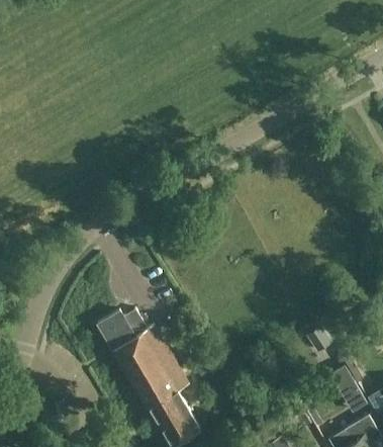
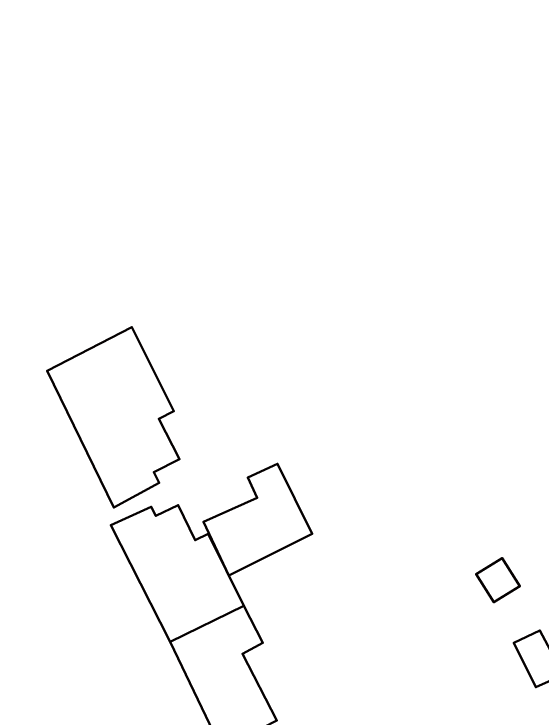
building: none -> [47,327,180,508]
building: none -> [203,464,312,575]

